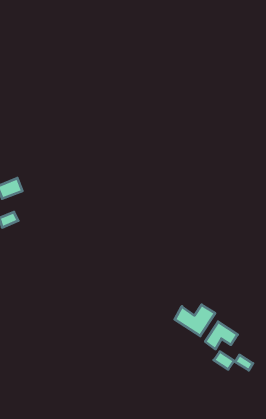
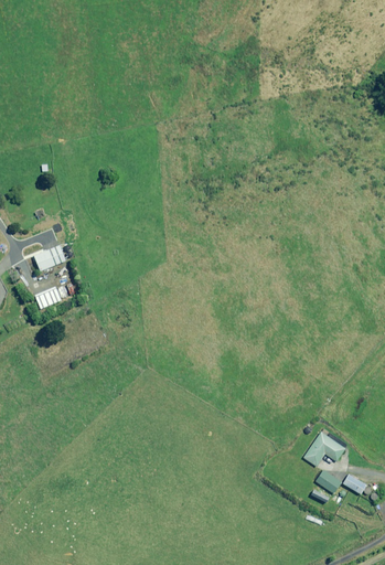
building: [175,305,215,336] -> none

